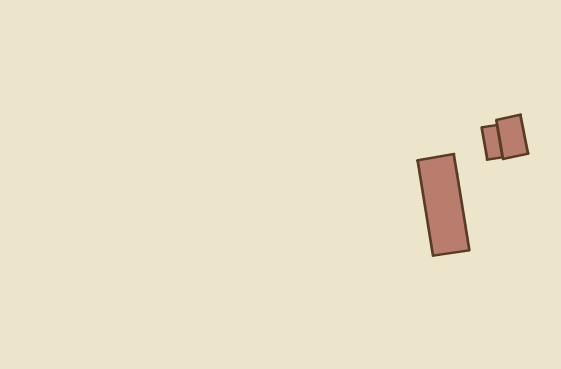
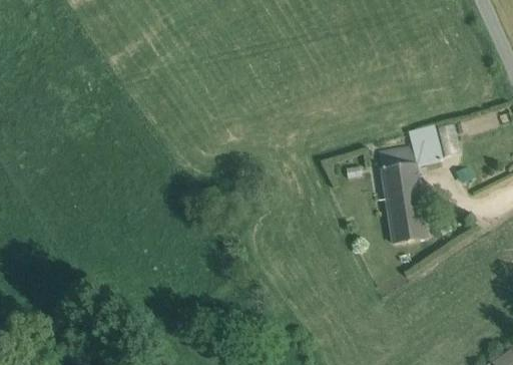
building: [496,115,528,159] -> [409,126,438,166]

